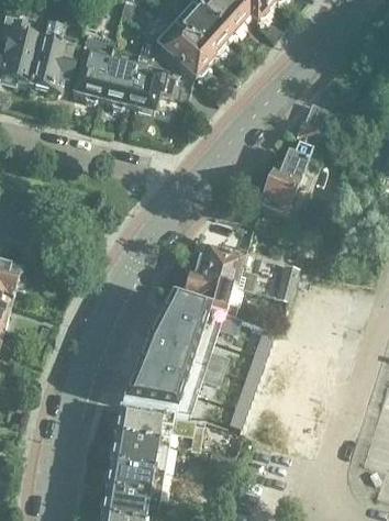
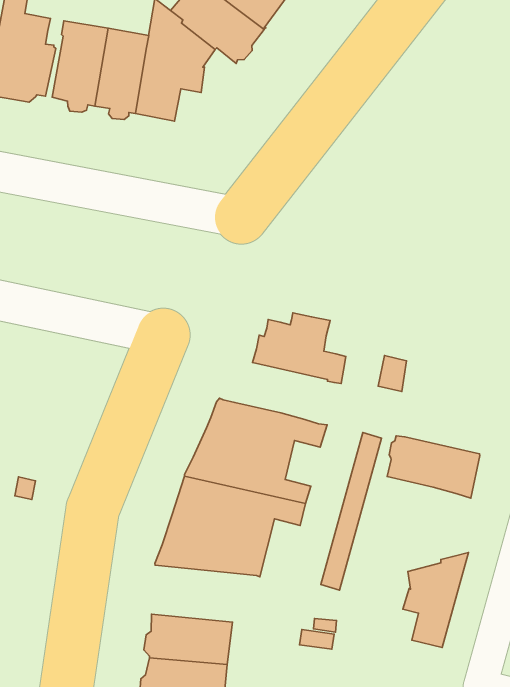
building: [260,103,336,214] -> none
building: [180,274,242,318] -> [387,436,480,498]
building: none -> [403,553,468,648]
building: [114,409,204,451] -> none

